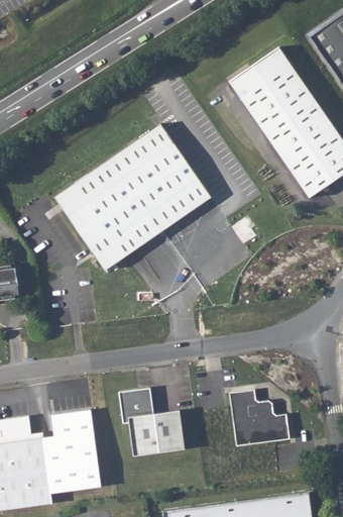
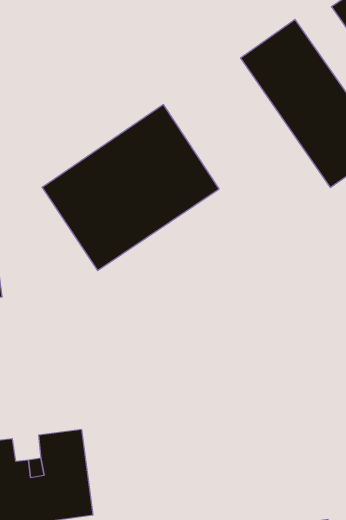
building: [117,389,184,457] -> none
building: [228,391,289,447] -> none

